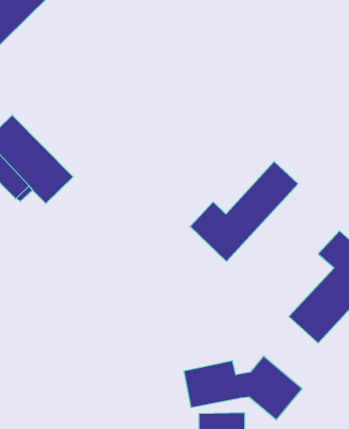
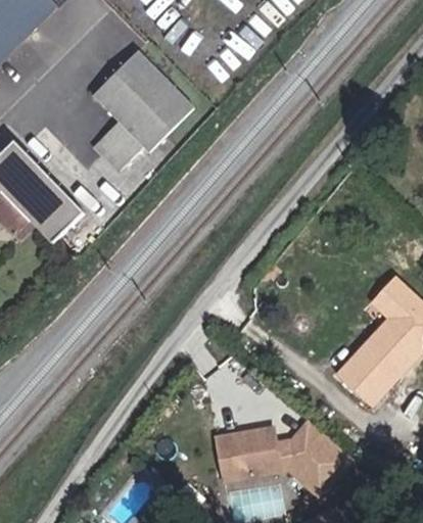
building: none -> [93,49,194,164]
building: [190,161,298,261] -> none

